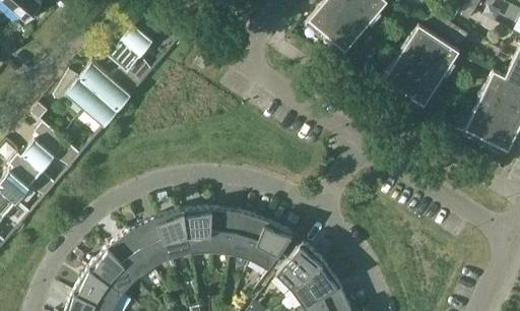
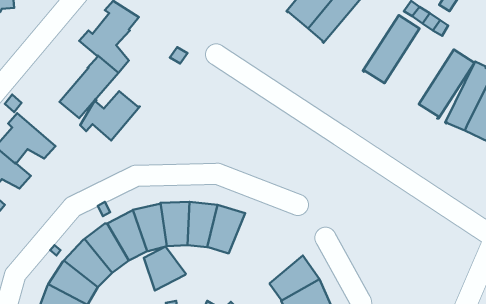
building: [404,39,459,107] -> [419,50,474,119]
building: [54,62,113,111] -> [80,91,140,141]
building: [251,221,292,270] -> none
building: [276,242,324,290] -> none
building: none -> [144,246,186,290]

